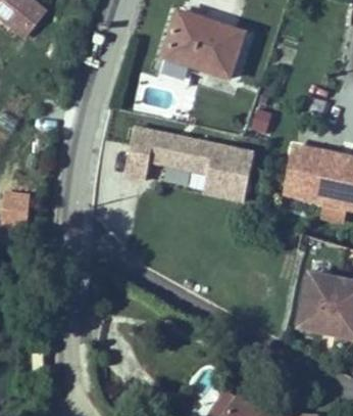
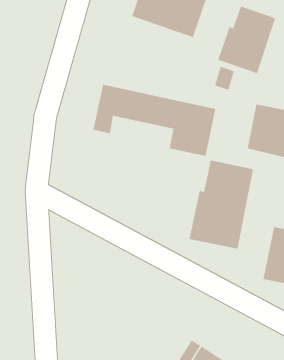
building: none -> [217,6,276,74]
building: none -> [189,160,254,250]

